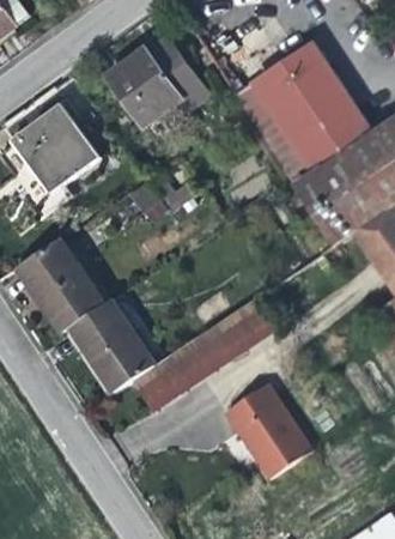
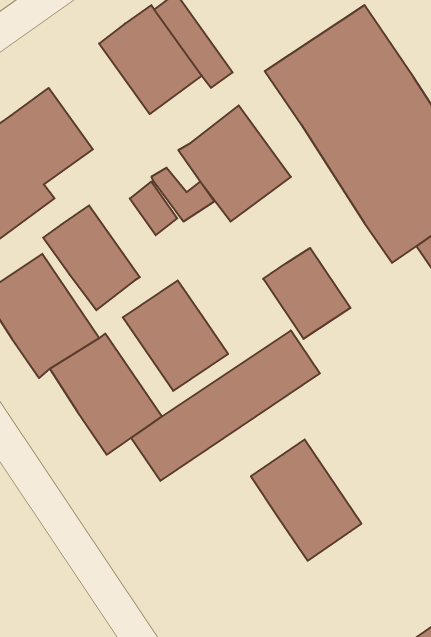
building: none -> [178,105,291,222]
building: none -> [43,205,140,310]
building: none -> [263,248,351,339]
building: none -> [123,280,228,391]

